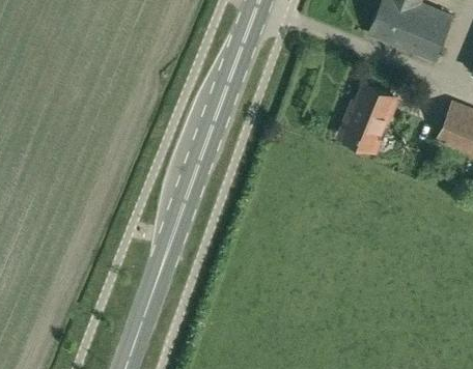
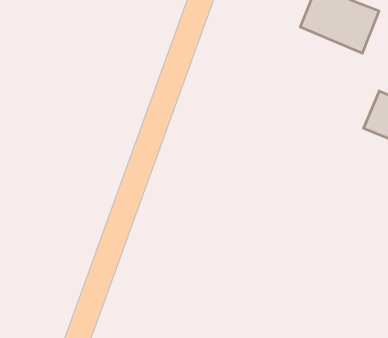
building: [340,84,393,149] -> none

